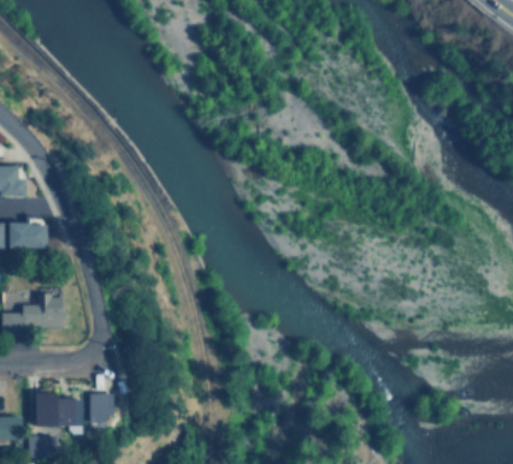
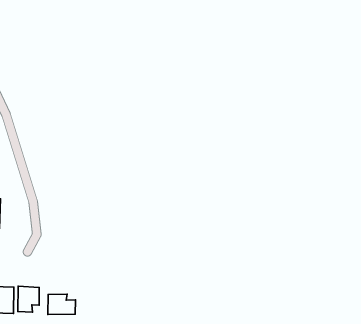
building: none -> [48,294,76,315]

